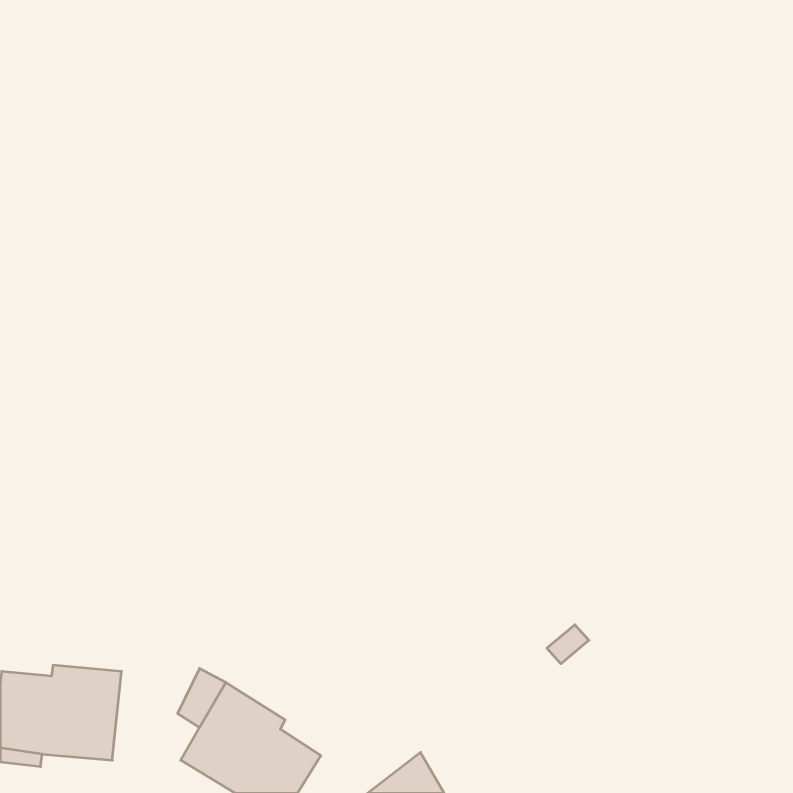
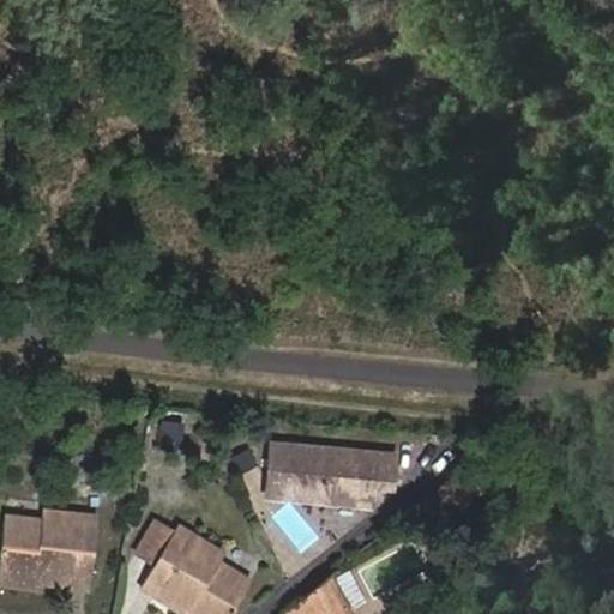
building: none -> [265,444,392,505]

